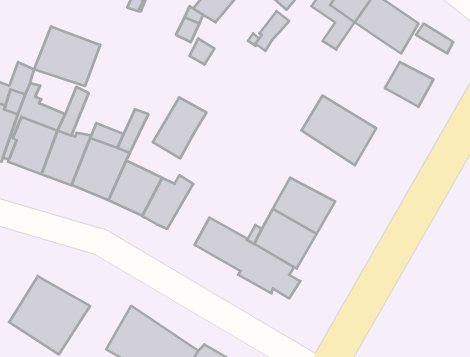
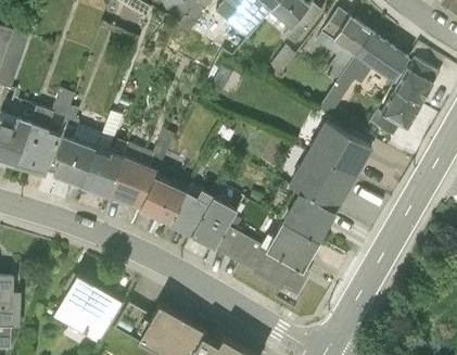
building: none -> [320,55,371,114]
building: [34,26,100,86] -> none
building: none -> [393,66,435,105]
building: [153,97,206,158] -> [190,196,237,250]
building: none -> [288,150,354,212]

